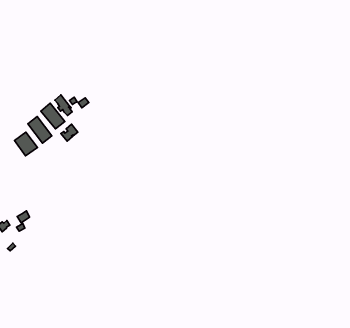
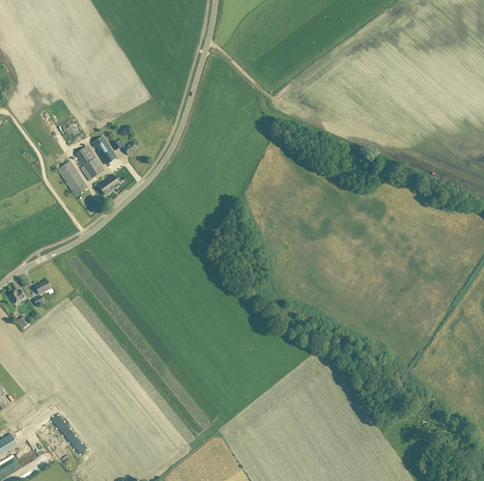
building: [15,132,38,156] -> none

